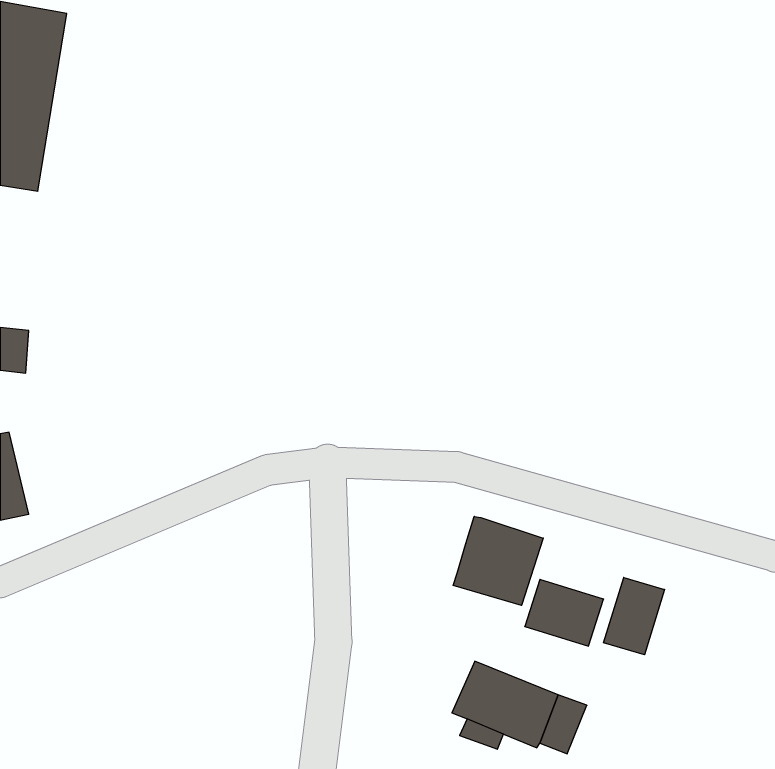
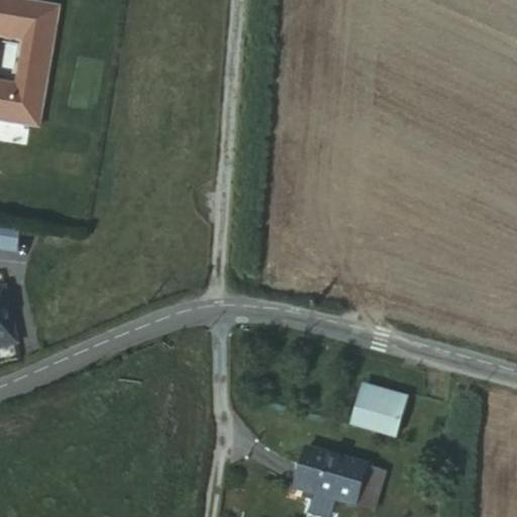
building: [453,516,543,605] -> none
building: [603,577,665,655] -> none

